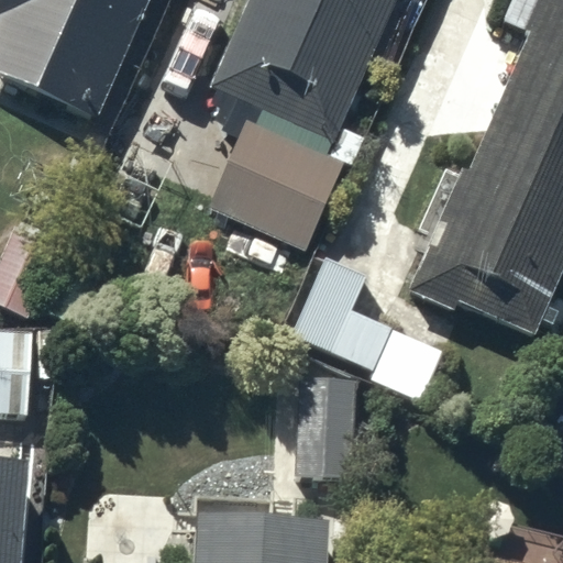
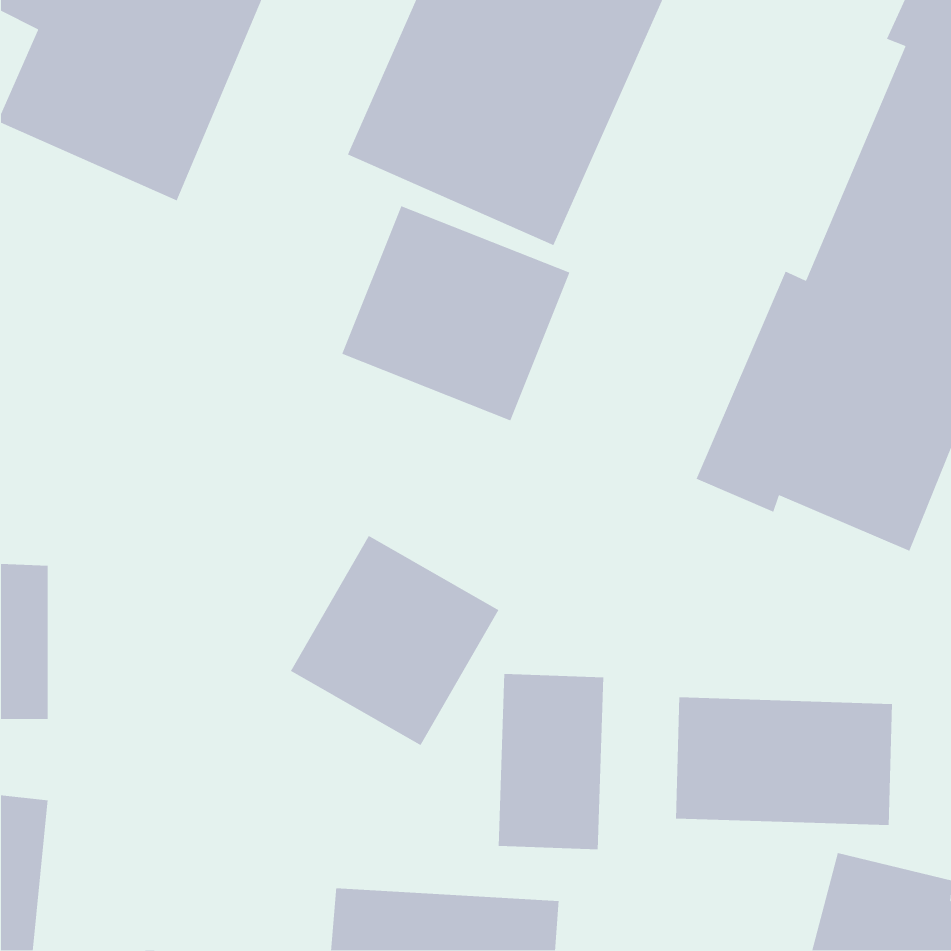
building: [292,261,442,401] -> none
building: none -> [290,535,500,746]
building: none -> [675,696,893,826]

